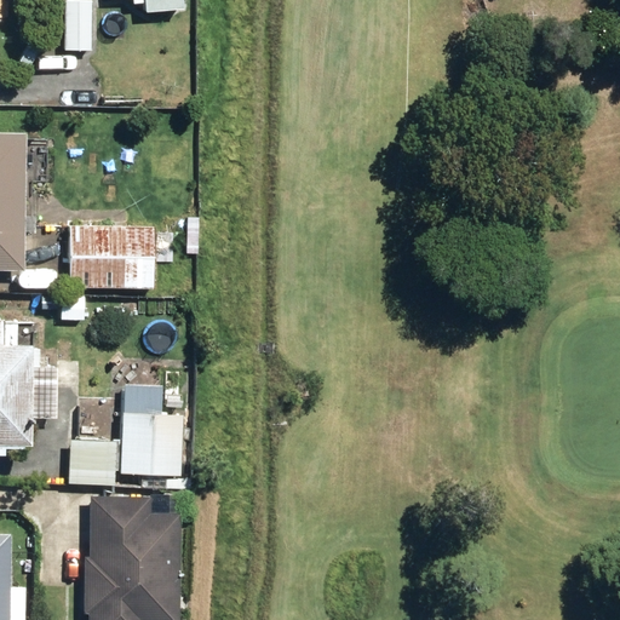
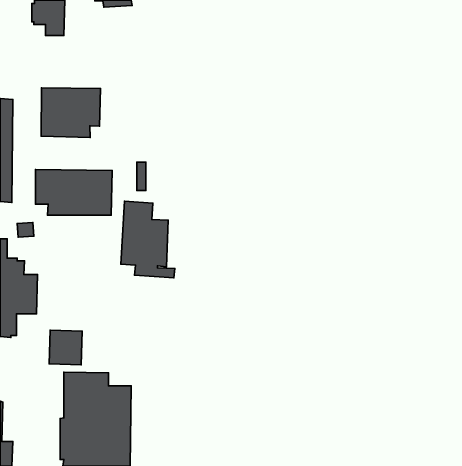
building: none -> [41,88,100,138]
building: [119,389,190,490] -> [121,201,175,278]

